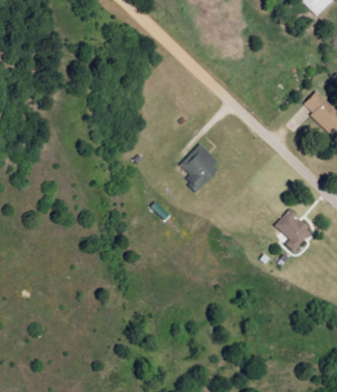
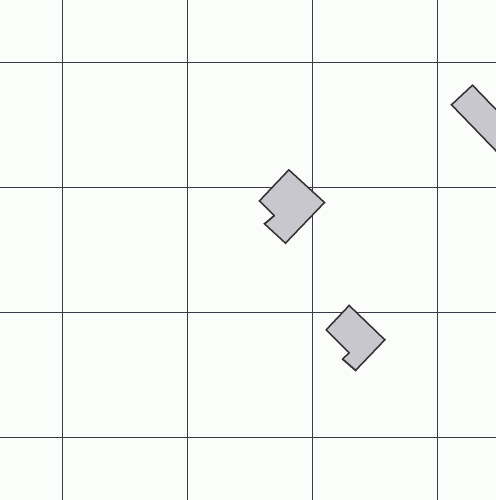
building: [275,209,312,251] -> [326,305,385,371]

